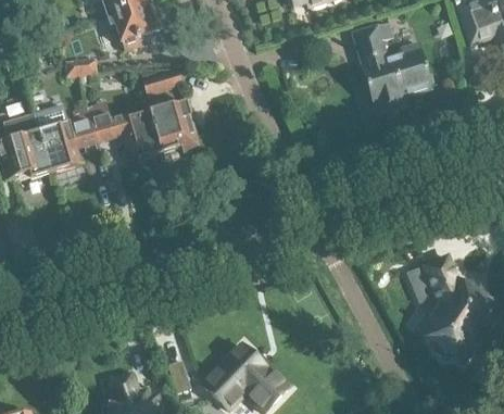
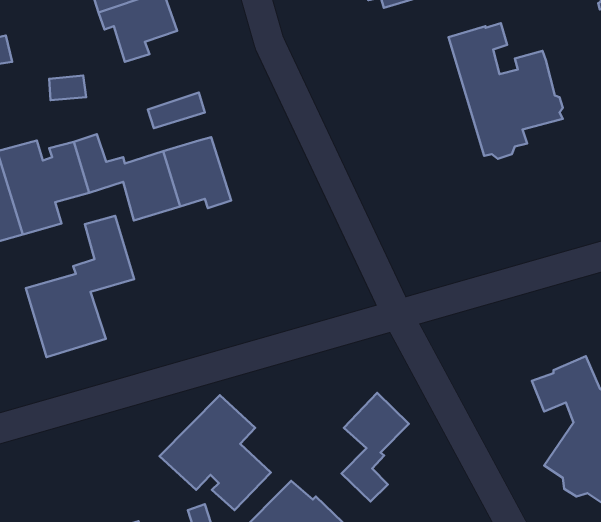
building: none -> [26,216,134,357]
building: none -> [341,393,409,502]
building: none -> [159,395,271,510]

